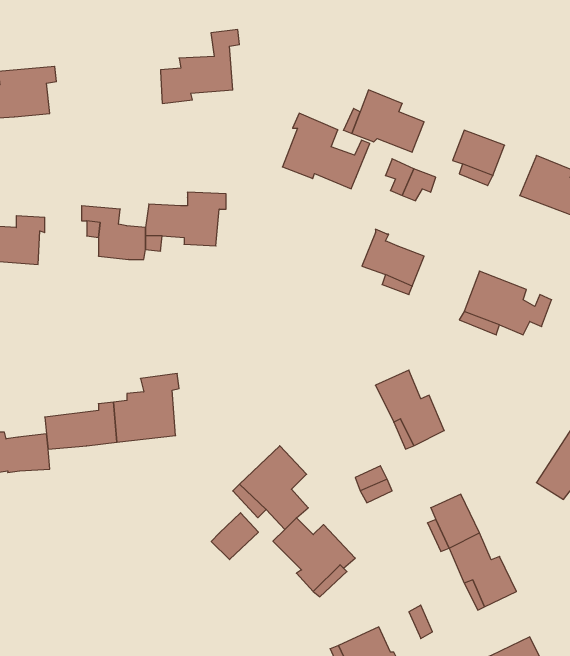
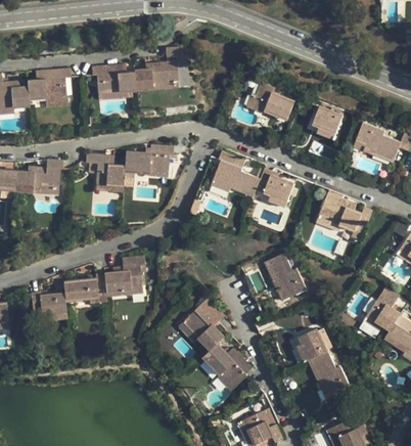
building: none -> [90,63,135,95]
building: [282,113,370,189] -> [212,151,265,197]
building: [211,513,258,560] -> none

